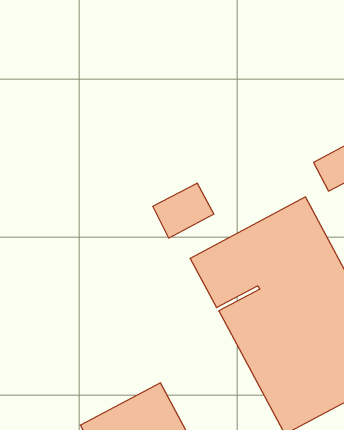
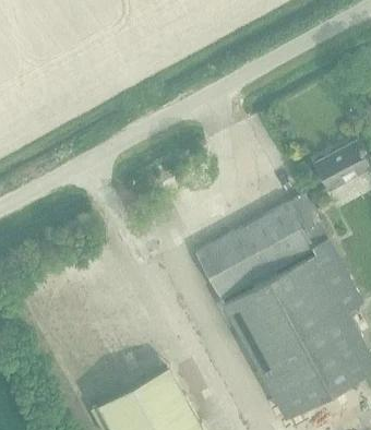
building: [153,183,214,238] -> none

